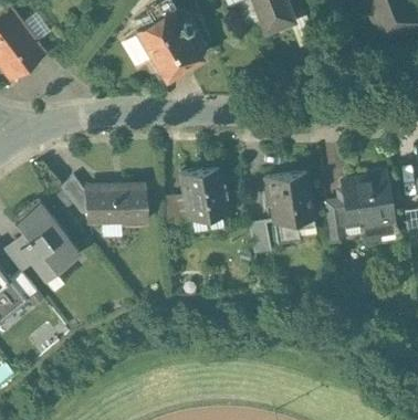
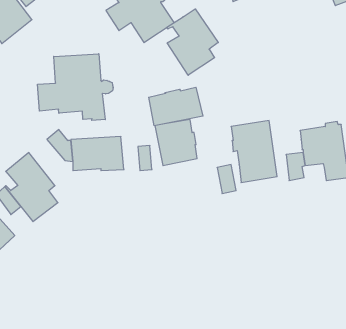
building: none -> [167,9,218,75]
building: none -> [38,54,113,120]
building: none -> [149,87,203,126]

